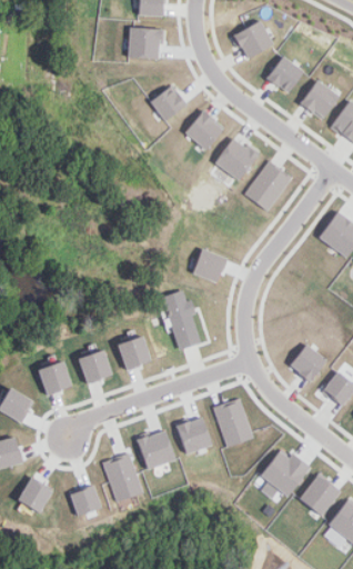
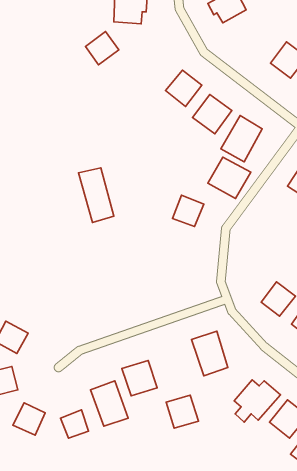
building: [266,56,304,93] -> none
building: [150,84,186,121] -> [85,32,119,65]
building: none -> [208,157,251,199]
building: [163,290,202,350] -> [78,168,114,222]
building: [118,336,151,369] -> none
building: [78,350,111,383] -> none
building: [39,361,71,393] -> none
building: [177,417,212,453] -> [166,395,198,428]

